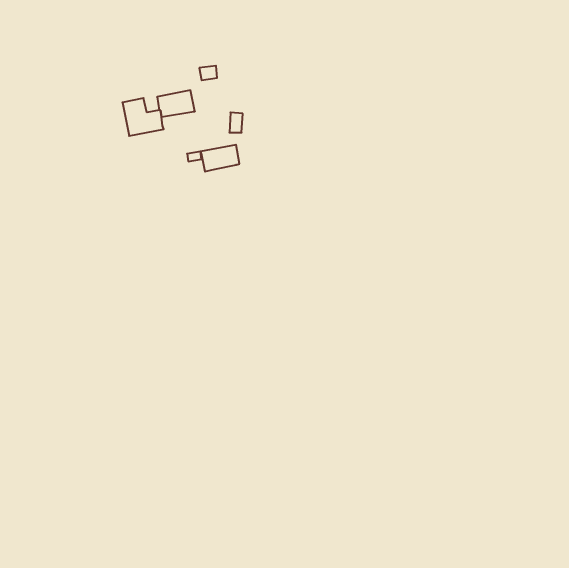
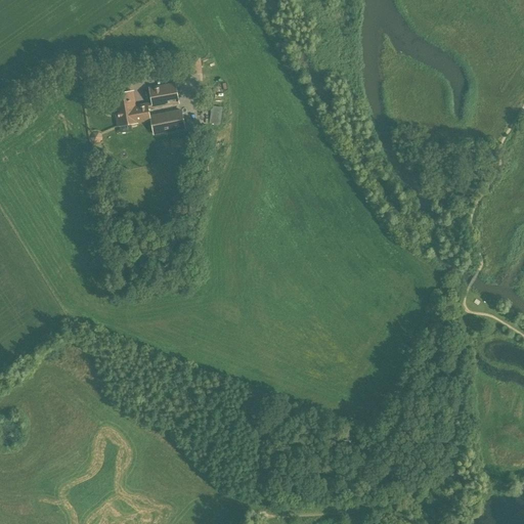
building: [200,145,239,172] -> [149,110,185,134]

